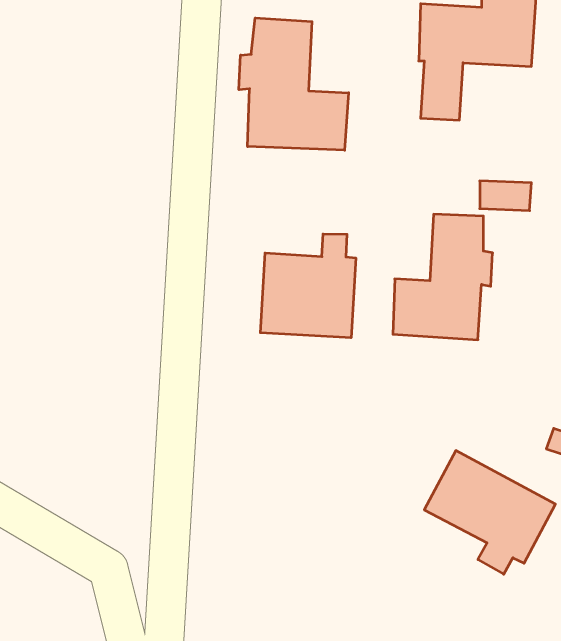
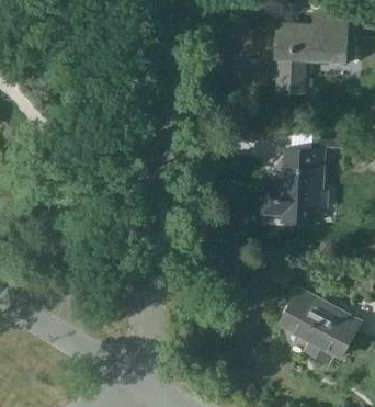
building: [239,18,349,150] -> none
building: [260,234,356,338] -> none

